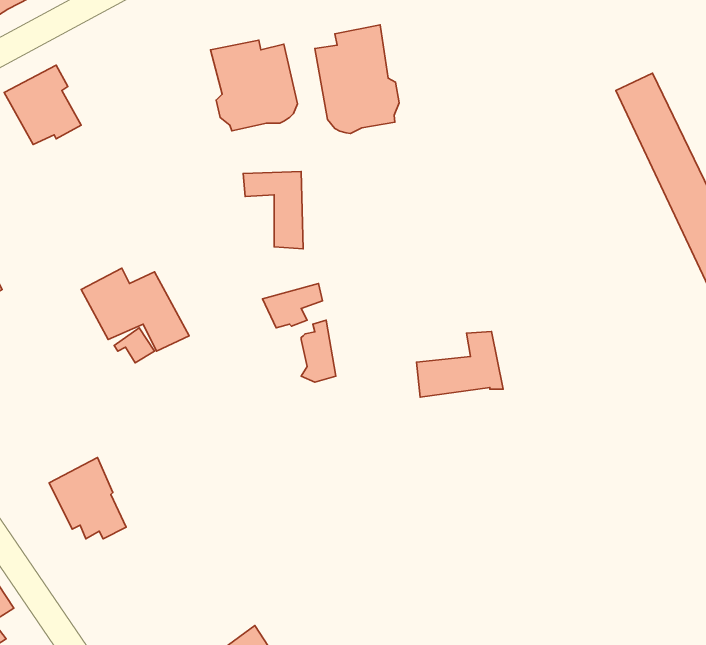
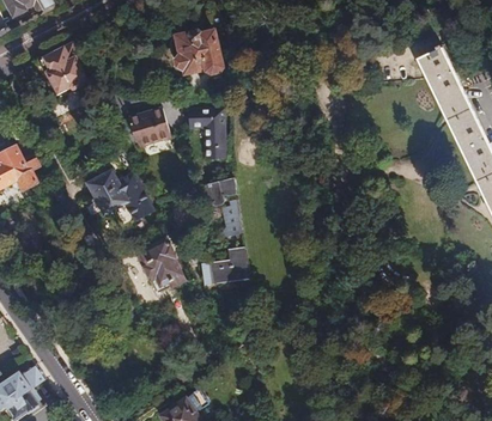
building: [315,25,399,133] -> none
building: none -> [117,108,171,148]
building: [416,331,503,397] -> [201,245,255,286]
building: [49,458,126,539] -> [138,236,186,286]

